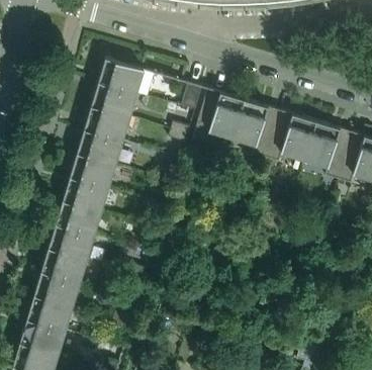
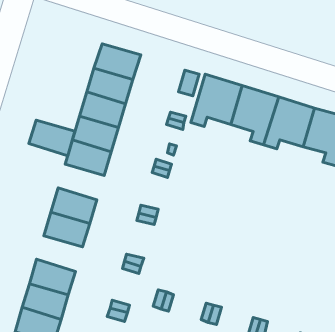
building: [62,181,107,216] -> [29,120,75,156]
building: [40,252,86,287] -> none

